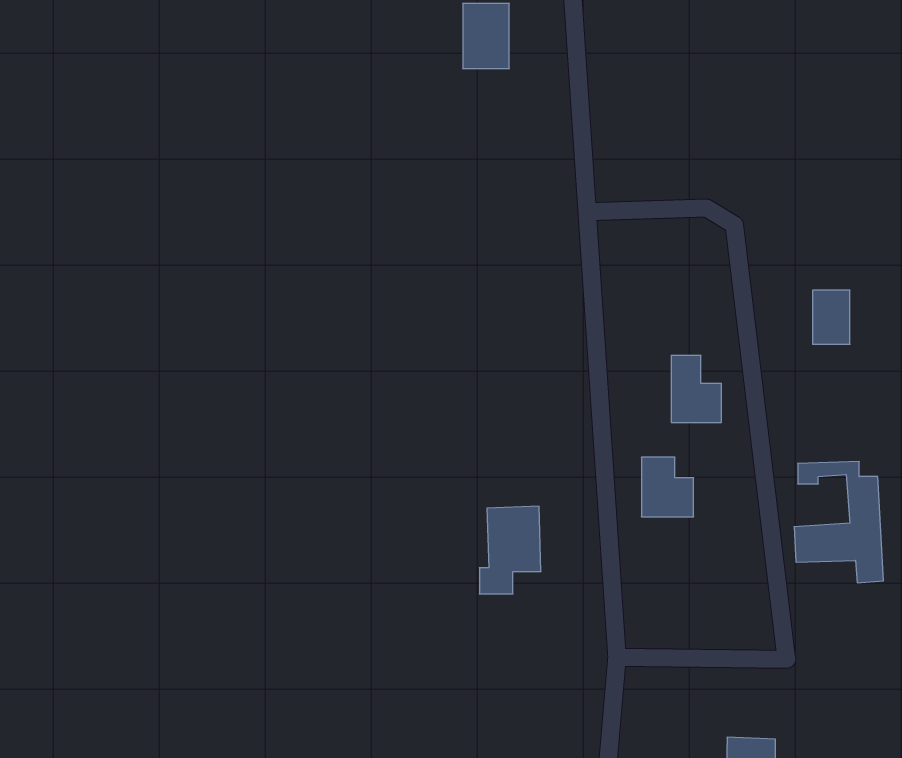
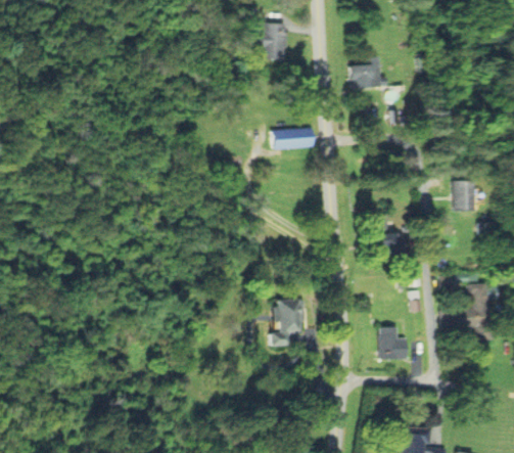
building: none -> [349,63,380,88]
building: none -> [271,128,312,148]
building: [641,457,694,517] -> [380,327,409,360]

